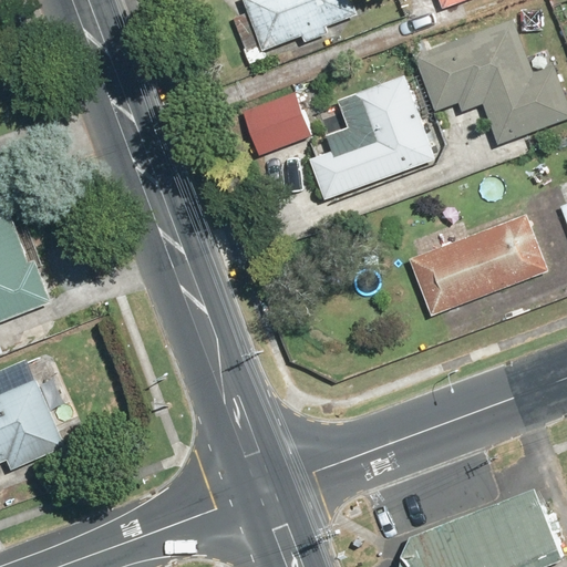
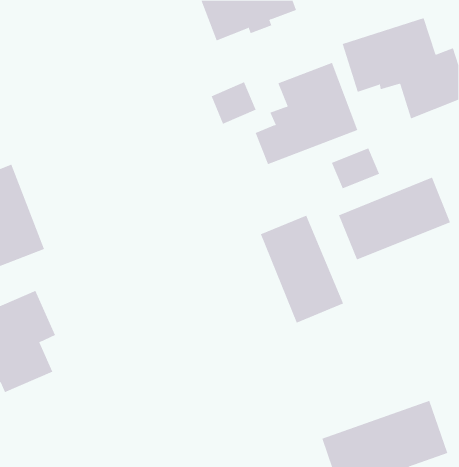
building: none -> [331,147,380,189]
building: none -> [260,215,344,323]

